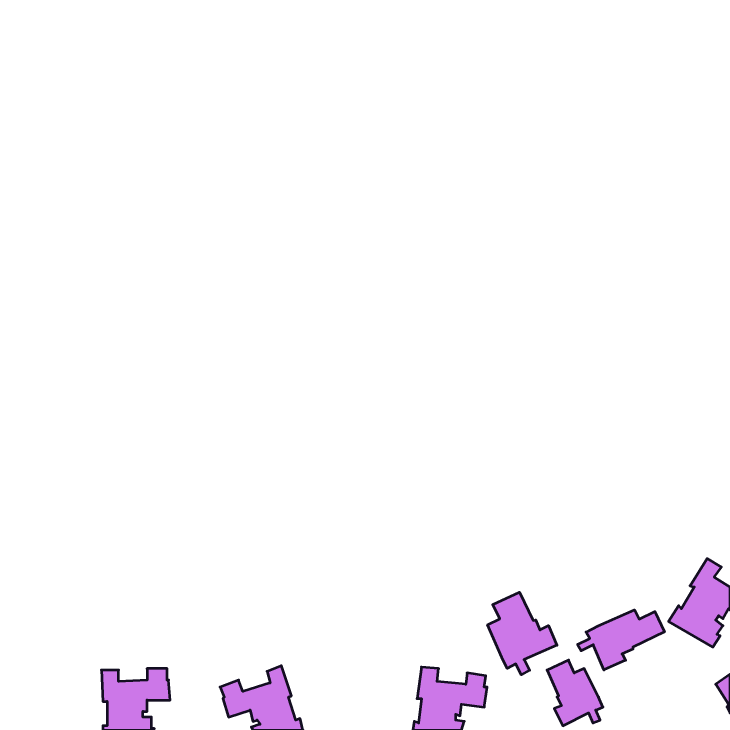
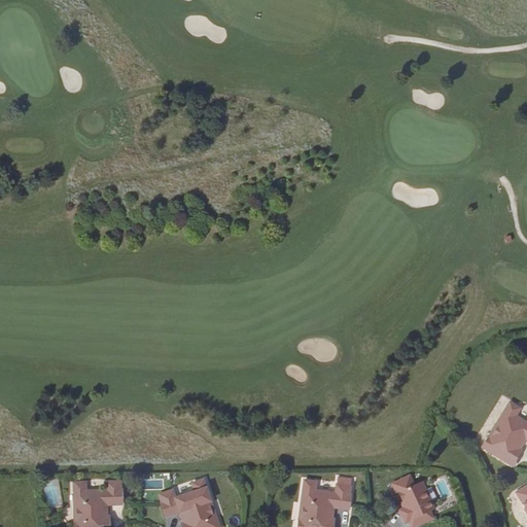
building: [488,592,557,675] -> none
building: [578,610,664,670] -> none

